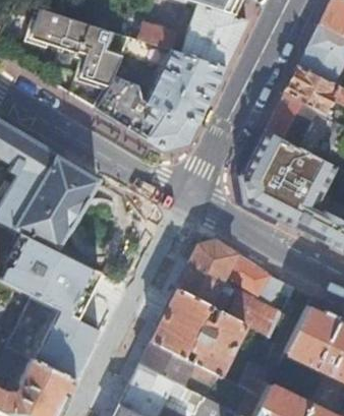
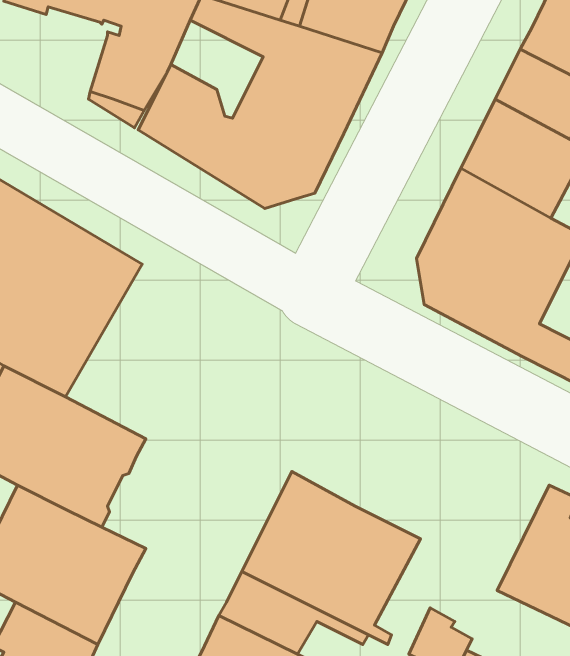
building: [177,241,287,339] -> none

